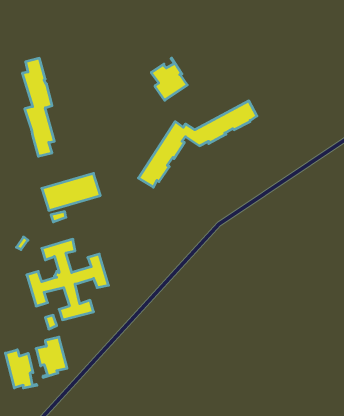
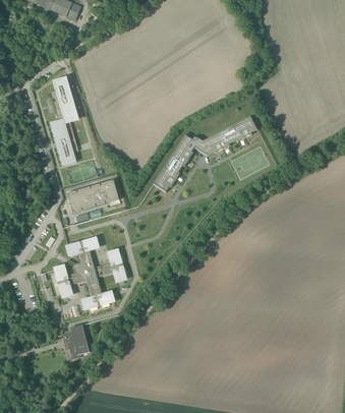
building: [151,58,187,100] -> none
building: [5,350,37,388] -> none

